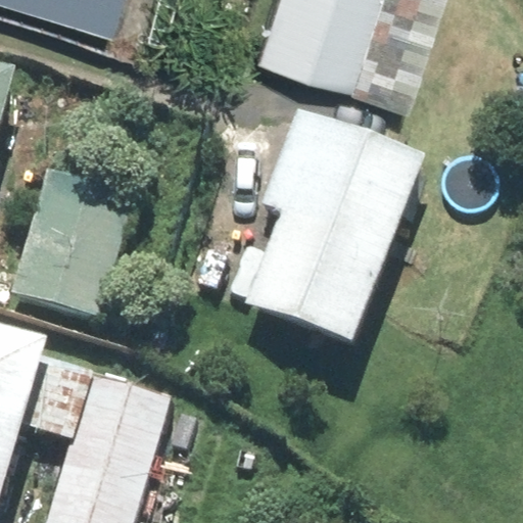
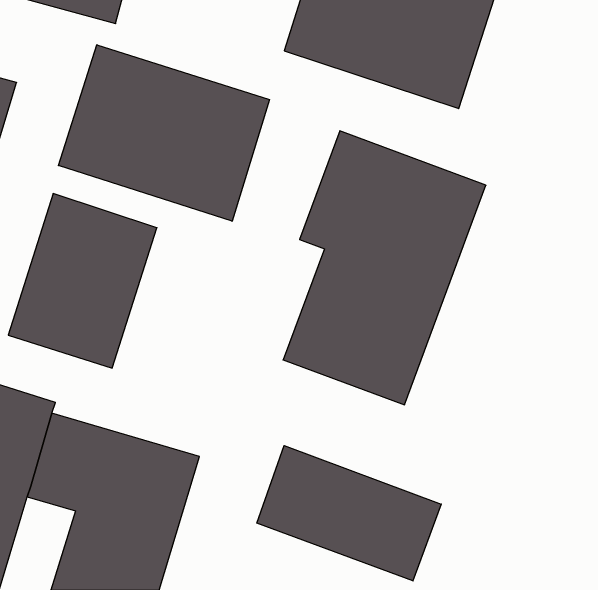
building: none -> [58,45,269,221]
building: none -> [257,446,441,581]

